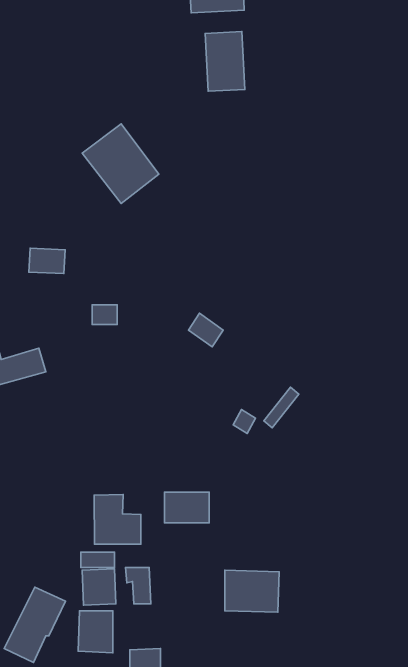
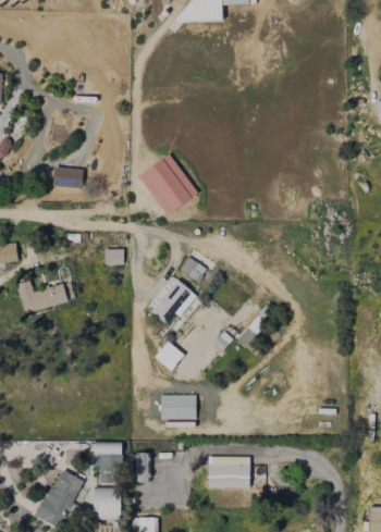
building: [205,32,245,91] -> none
building: [82,124,159,203] -> [138,153,198,215]
building: [29,248,65,273] -> [54,168,83,187]
building: none -> [149,279,197,323]
building: none -> [155,341,184,370]
building: [94,495,141,544] -> none

